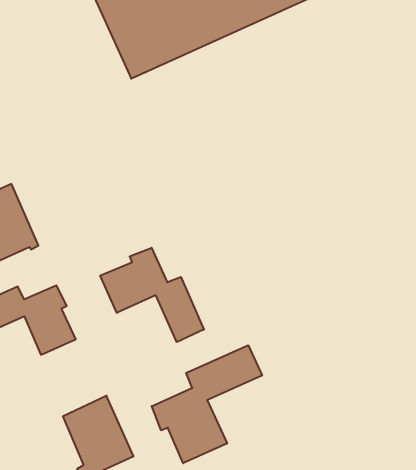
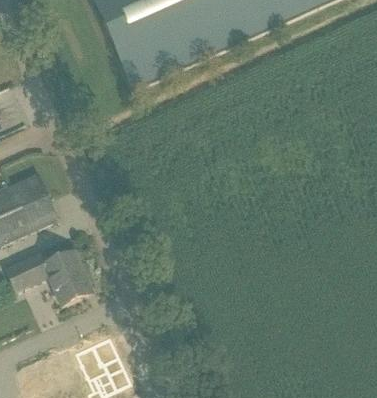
building: [100,248,204,342] -> none
building: [152,345,262,463] -> none

